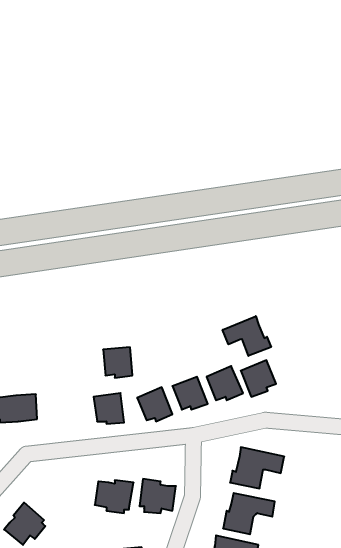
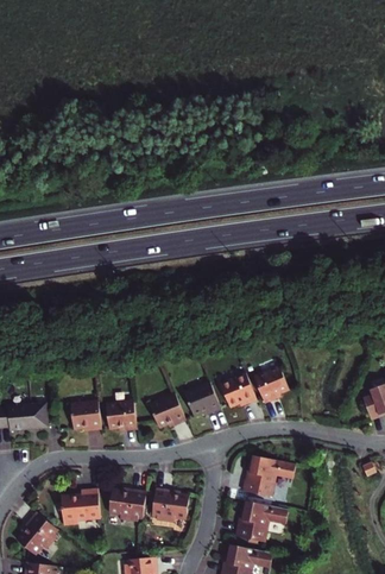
building: [223,316,271,356] -> none
building: [103,347,132,378] -> [71,400,101,431]
building: none -> [61,487,100,525]

